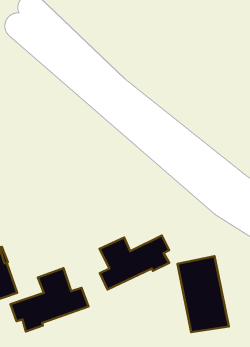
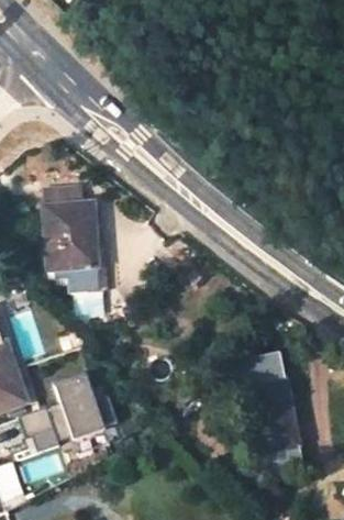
building: none -> [44,186,109,292]
building: [99,236,169,290] -> none

